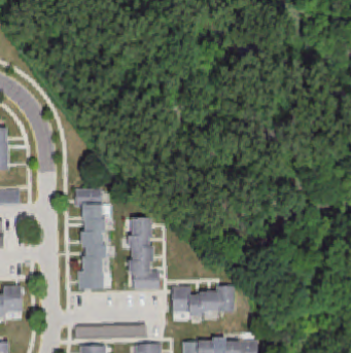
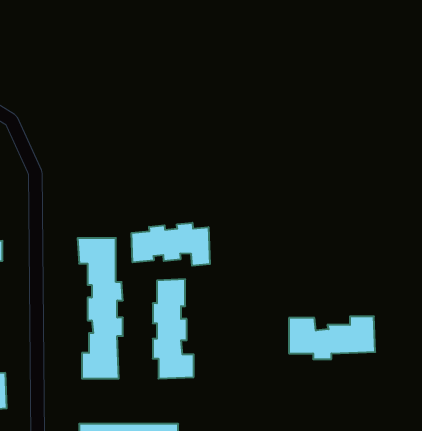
building: none -> [132,223,210,266]
building: [171,285,234,316] -> [289,316,375,359]

